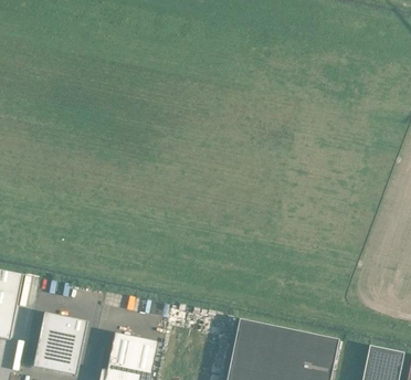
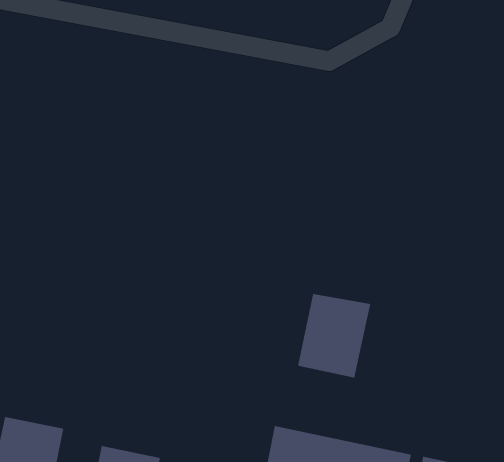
building: none -> [297,293,371,378]

